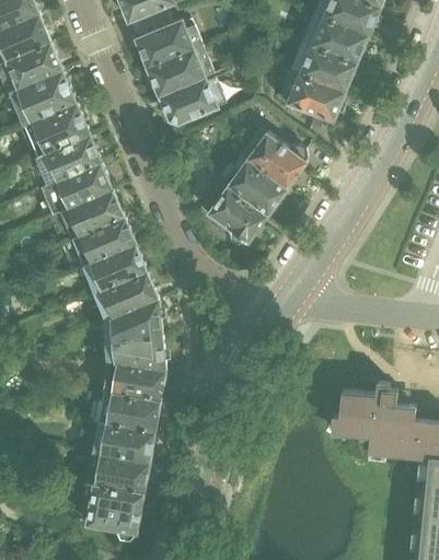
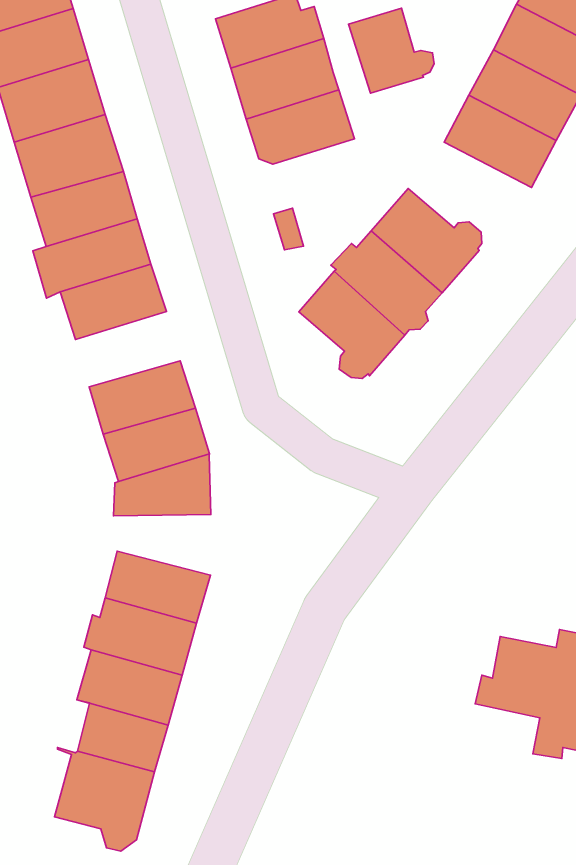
building: none -> [348,8,434,93]
building: [71,215,135,265] -> none
building: [104,334,165,370] -> none

